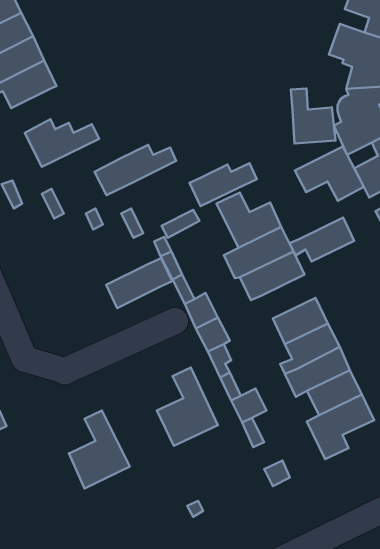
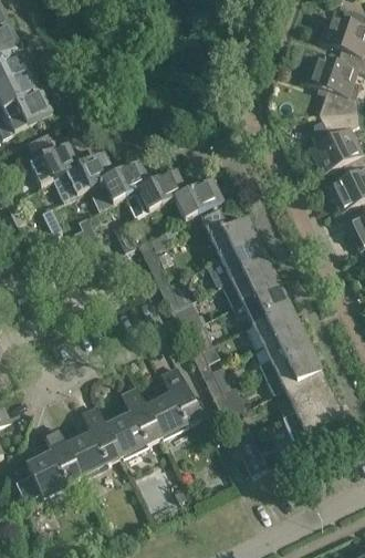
building: [291,88,335,144] -> none
building: none -> [52,154,112,200]
building: [295,146,364,201] -> none
building: [289,218,354,262] -> [230,281,289,321]
building: [106,258,172,308] -> [125,173,185,218]
building: none -> [105,385,160,455]
building: none -> [13,423,80,498]

